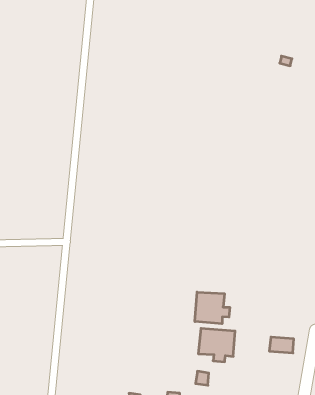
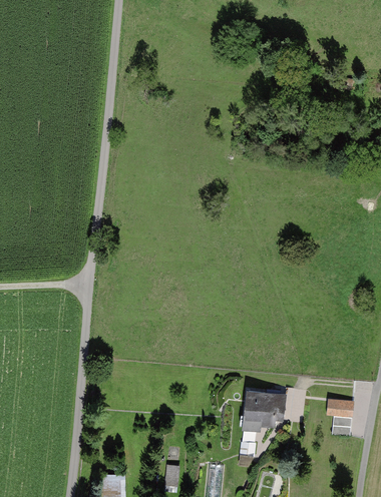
building: [195,292,230,324] -> none

